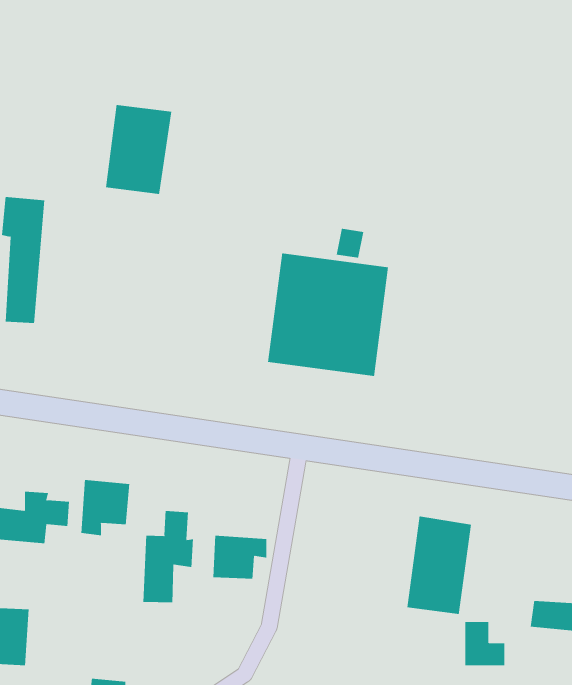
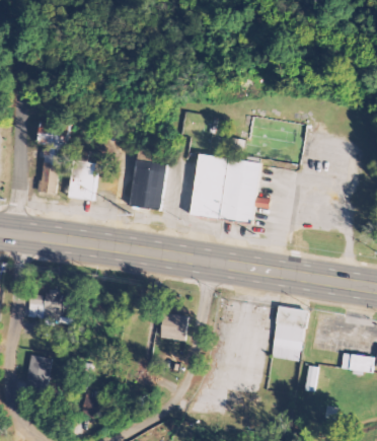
building: [105,104,172,194] -> [129,158,167,210]
building: none -> [67,158,98,200]
building: [81,479,130,536] -> none
building: [143,510,194,603] -> none

